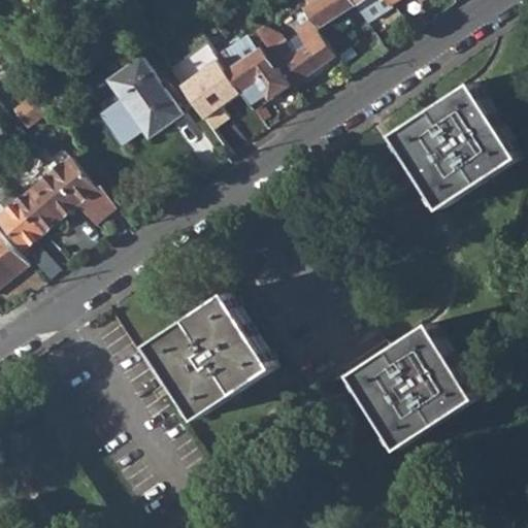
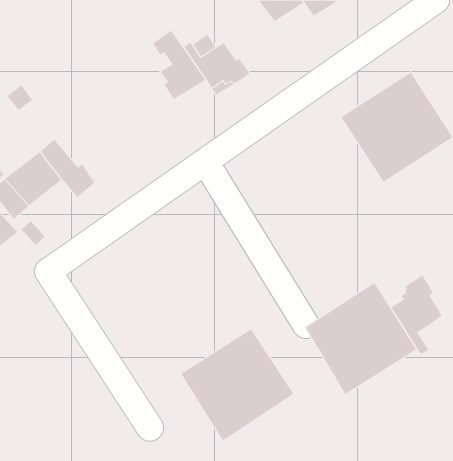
building: [246,8,327,87] -> none
building: [97,60,174,145] -> none
building: [142,294,271,422] -> [181,329,294,441]
building: none -> [390,275,443,355]

